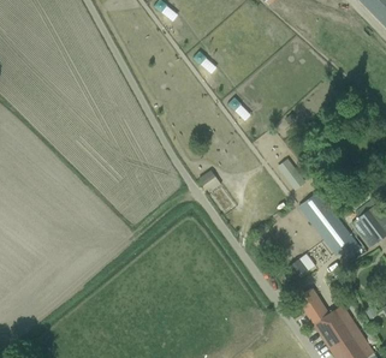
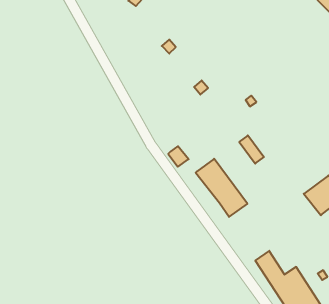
building: [298,190,356,255] -> [196,159,247,217]

